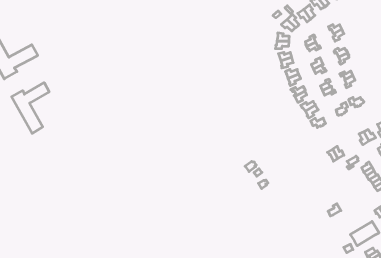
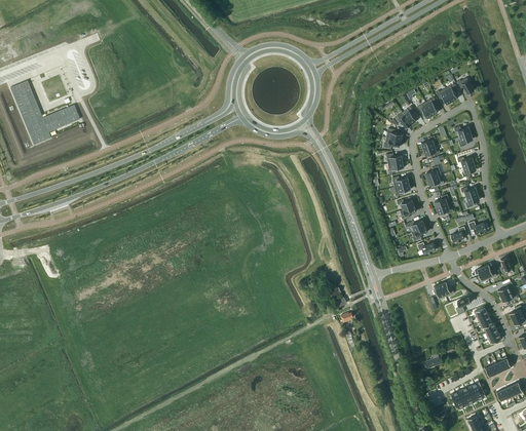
building: [12,83,49,133] -> none

